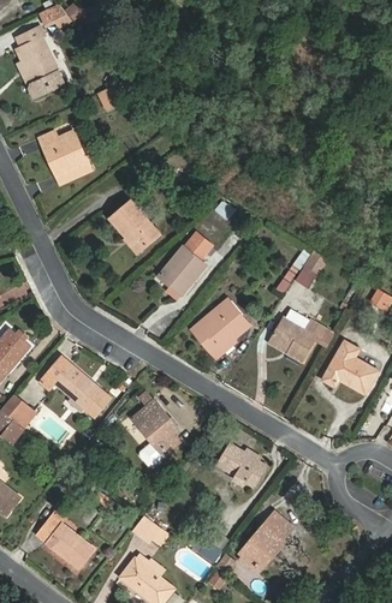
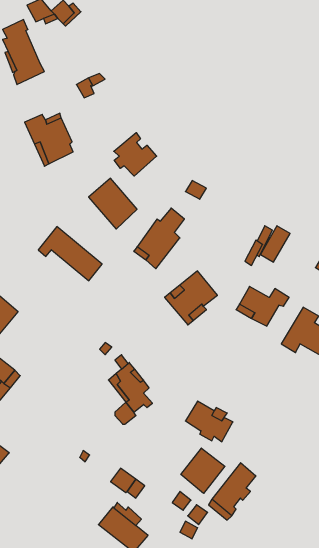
building: none -> [114,133,157,176]
building: [40,354,109,413] -> [38,227,102,281]
building: none -> [181,448,225,493]
building: [35,515,93,568] -> none

